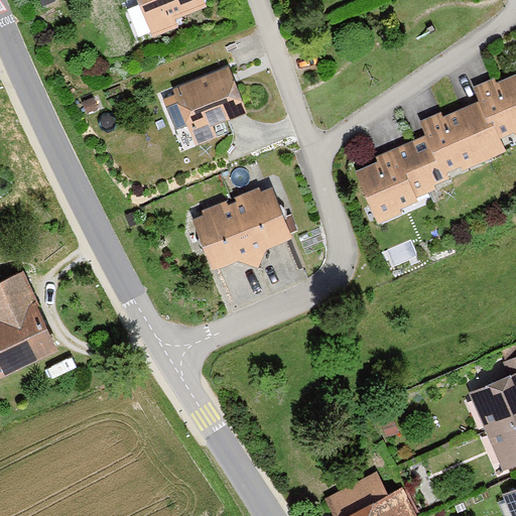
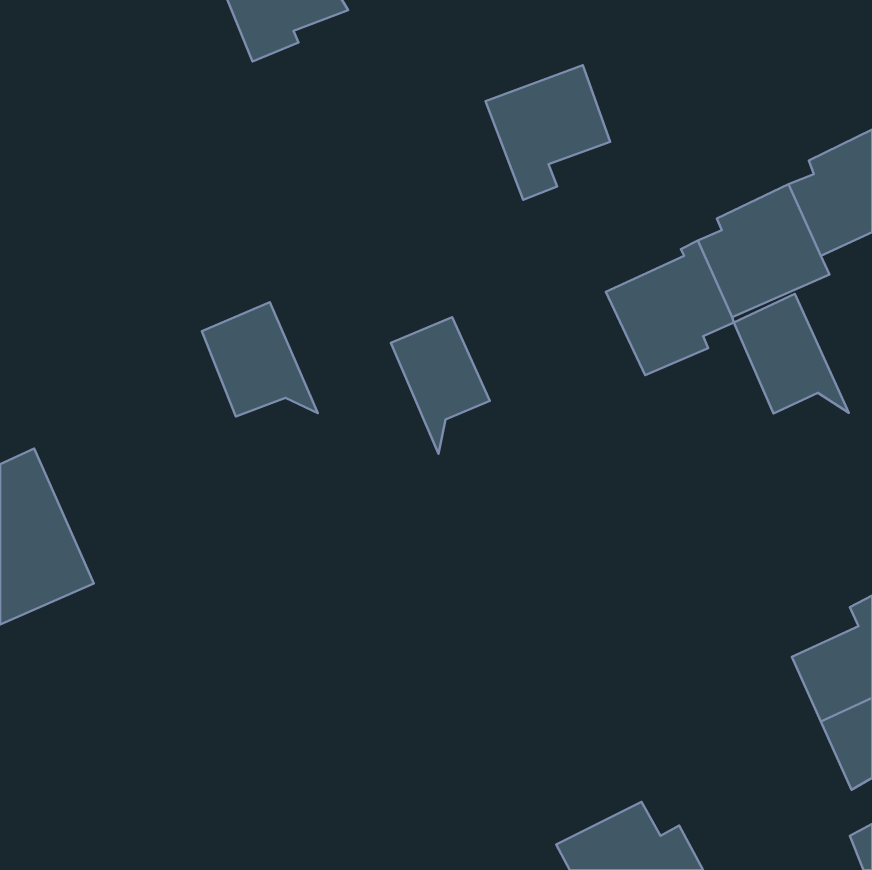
building: [171,66,245,145] -> [485,65,610,200]
building: none -> [734,294,849,413]
building: [190,203,259,270] -> [202,302,318,416]

